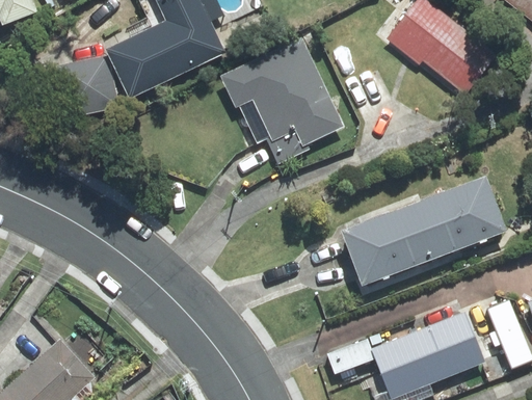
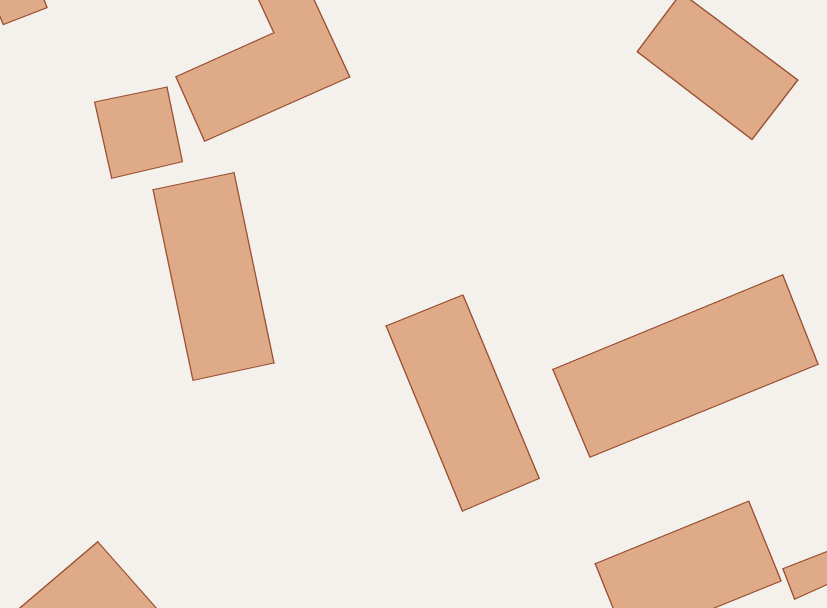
building: [224,43,340,154] -> none
building: none -> [153,172,274,380]
building: none -> [386,295,539,511]

